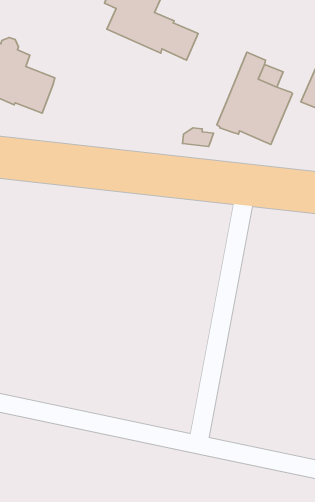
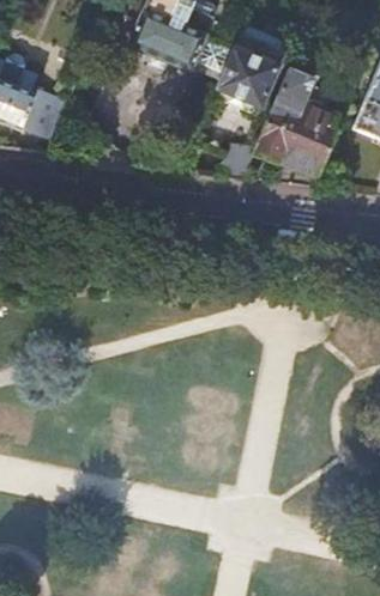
building: none -> [217,23,289,107]

